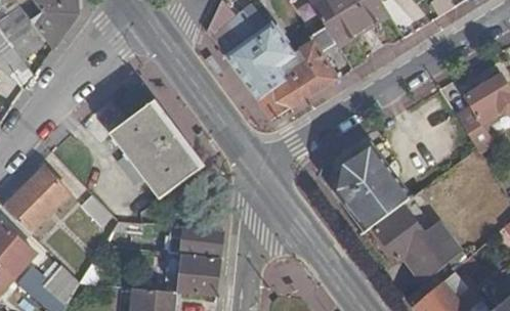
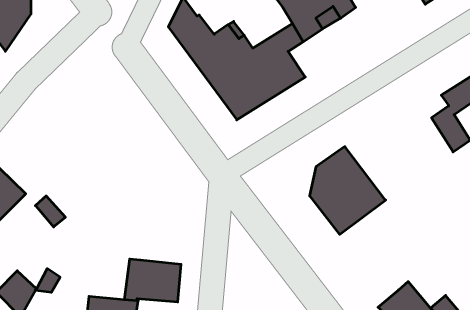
building: [109,97,201,195] -> none
building: [375,209,469,280] -> none
building: [170,224,222,256] -> none

